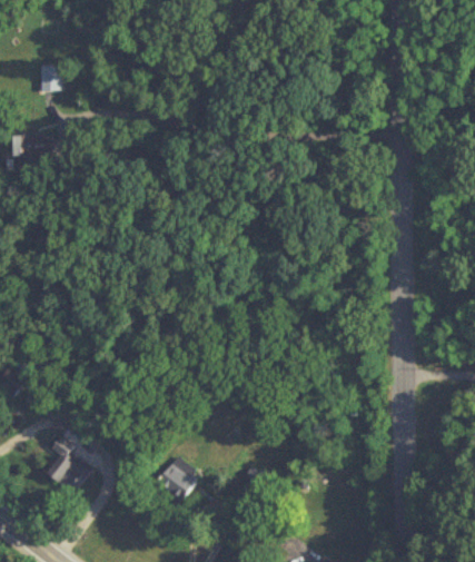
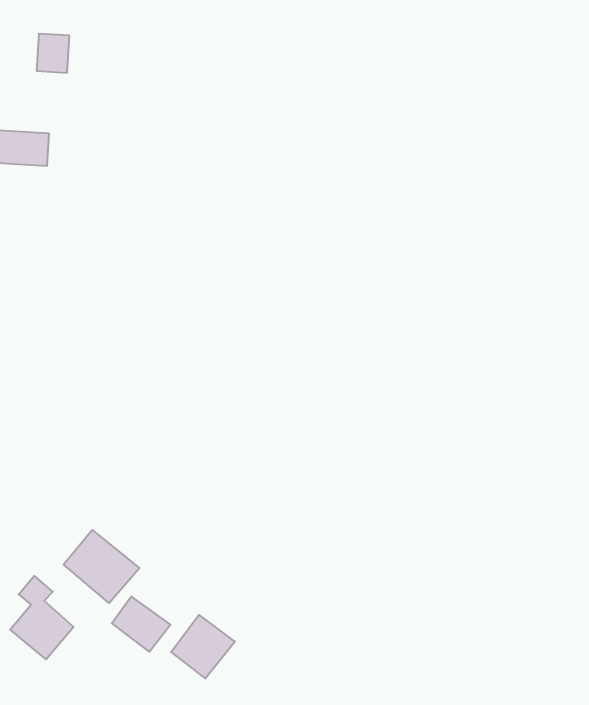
building: none -> [64,530,139,603]
building: none -> [112,596,170,652]

